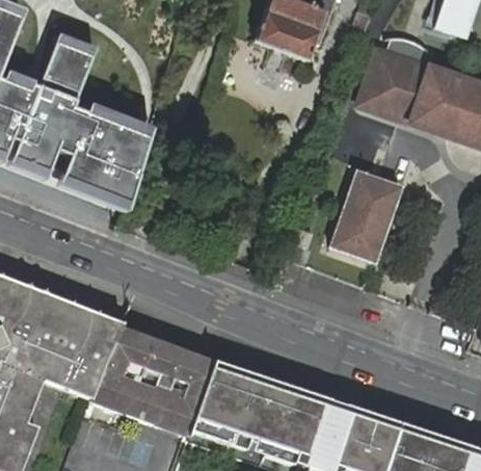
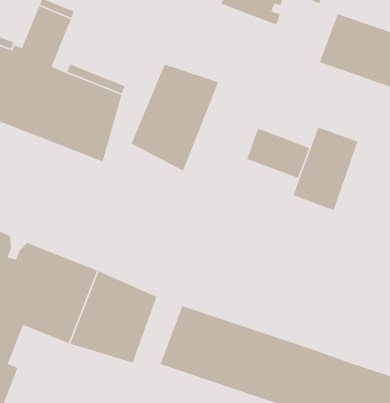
building: none -> [130,63,219,172]
building: none -> [246,127,310,179]
building: [160,352,212,434] -> none

